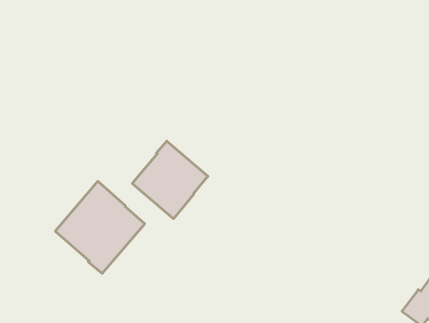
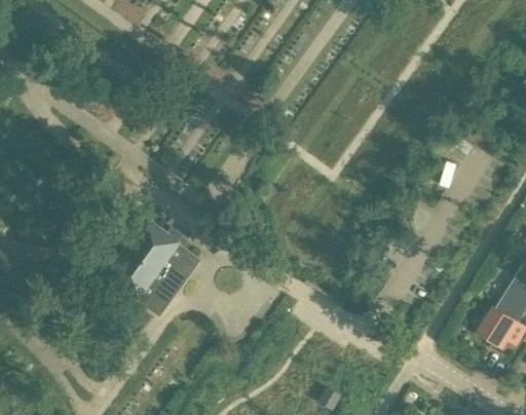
building: [132,141,208,219] -> none

